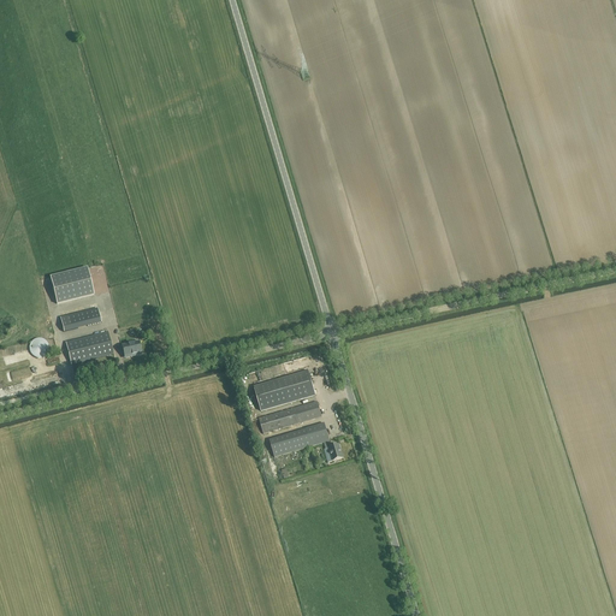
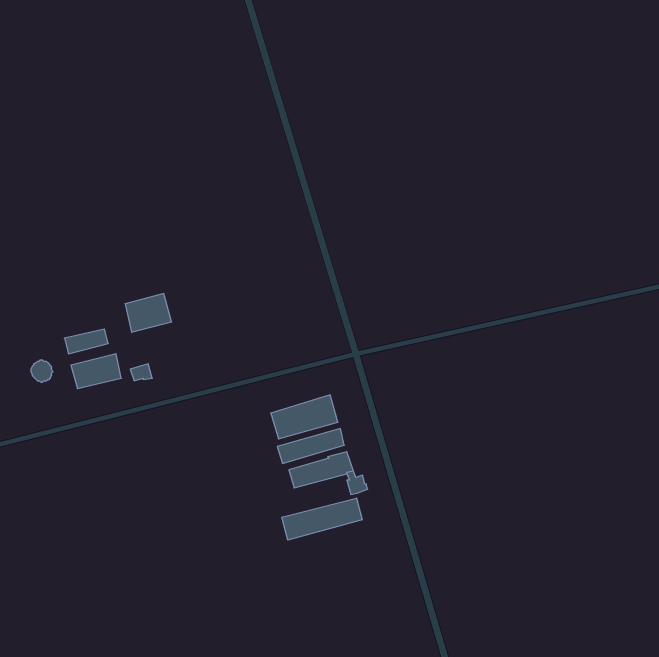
building: [51,266,94,302] -> [125,294,172,332]
building: none -> [282,498,362,540]

